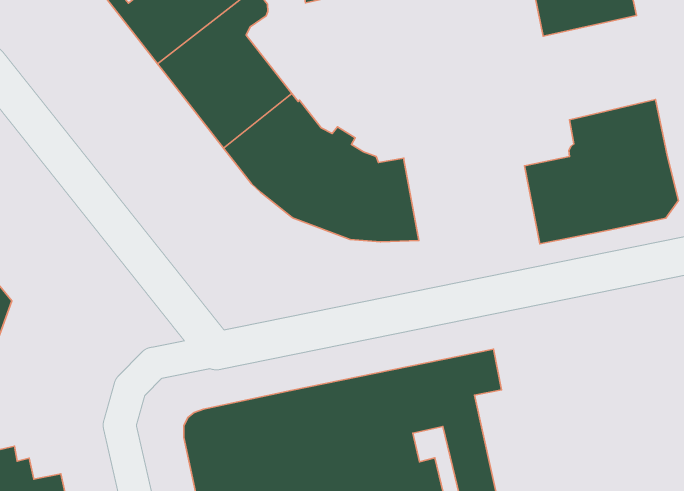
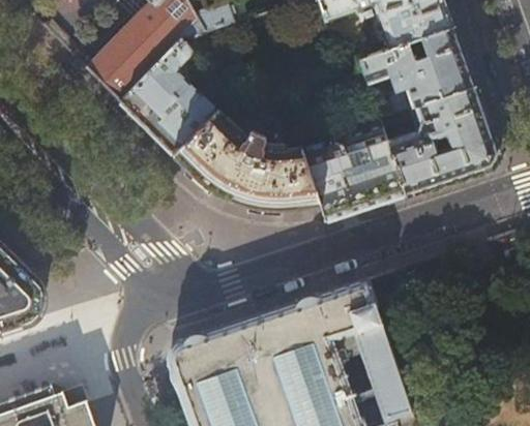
building: none -> [358,27,472,114]
building: none -> [299,122,403,223]

